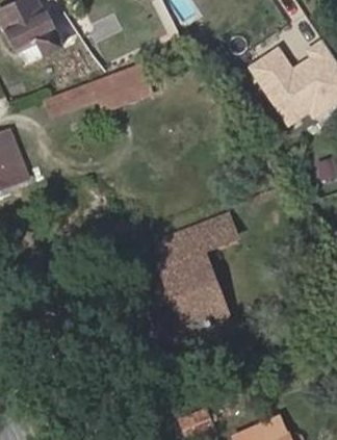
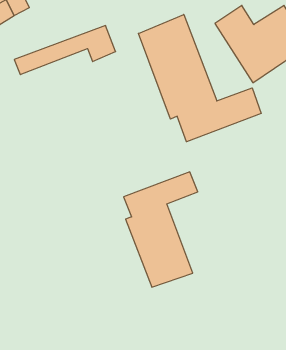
building: none -> [138,14,261,142]

